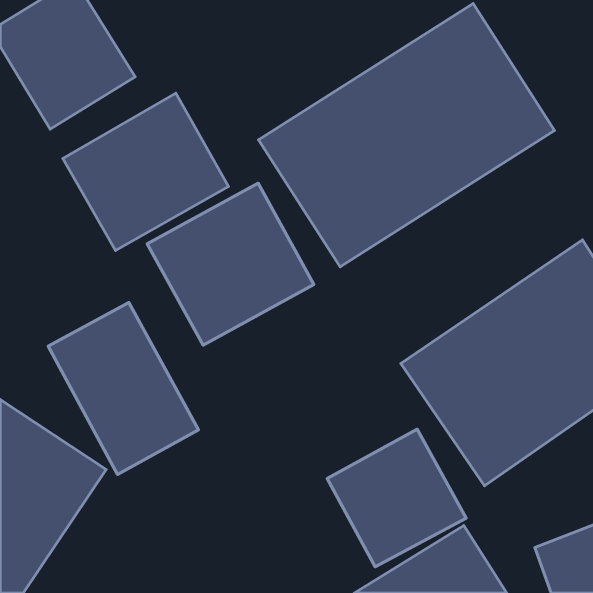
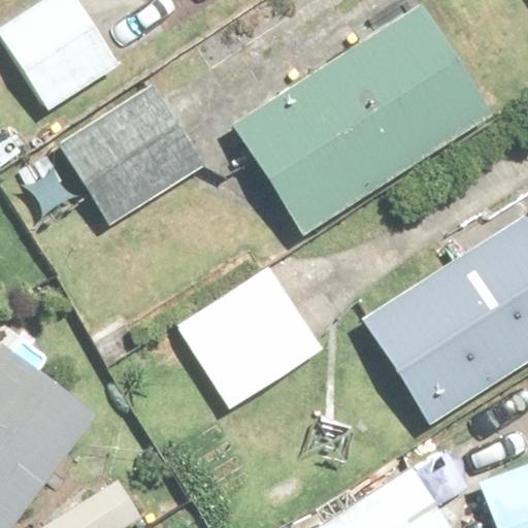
building: [147,183,314,345] -> [175,264,323,407]
building: [48,302,198,475] -> none
building: [327,429,466,567] -> none

